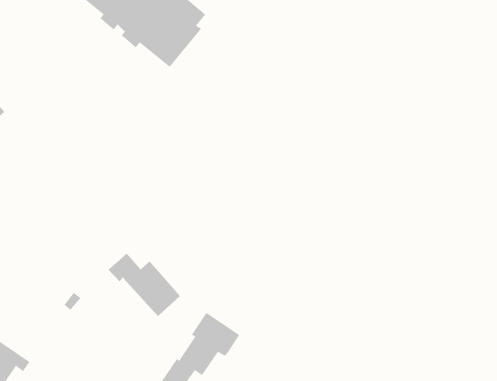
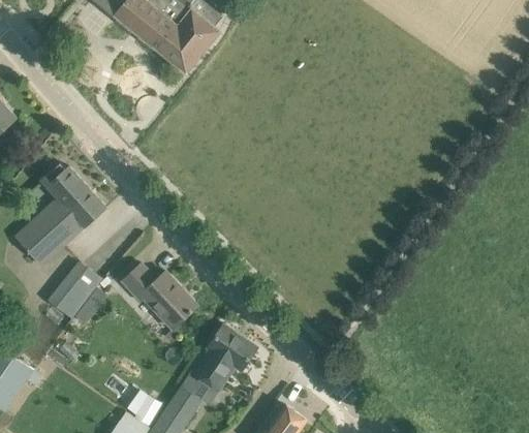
building: none -> [17,162,105,264]
building: none -> [49,261,101,317]

